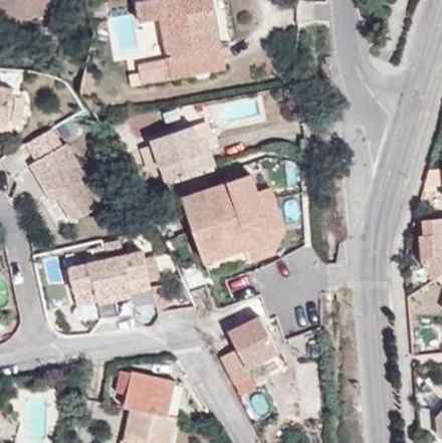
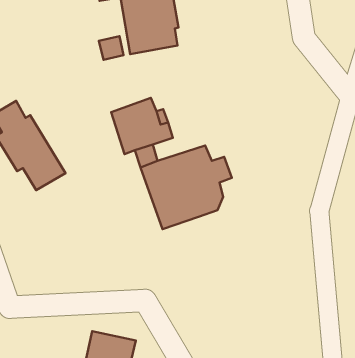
building: [244,209,286,263] -> none
building: [68,250,151,304] -> none
building: [220,314,279,383] -> none

